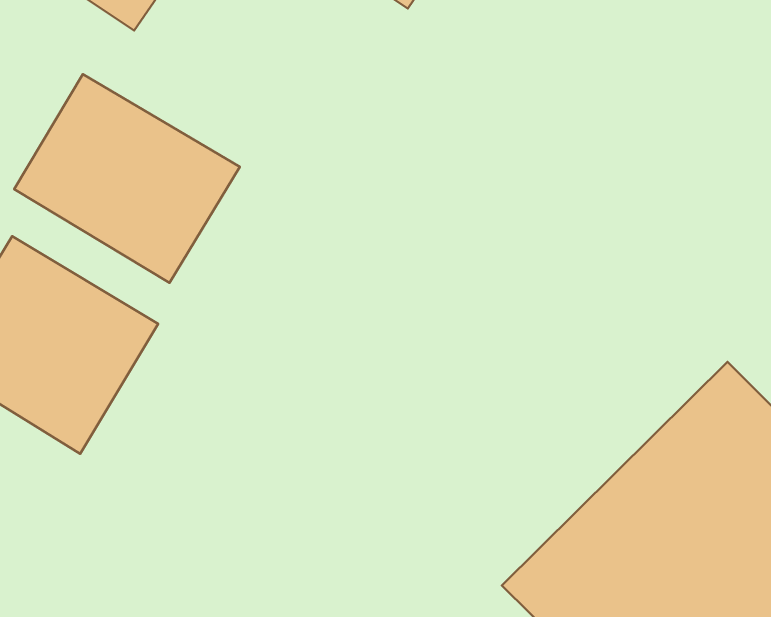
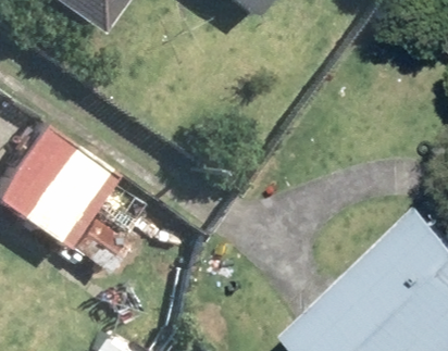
building: [14,74,240,283] -> none

